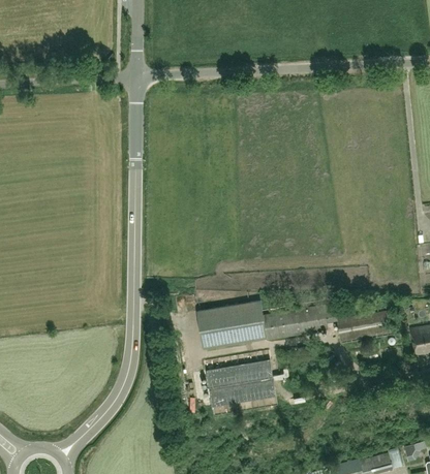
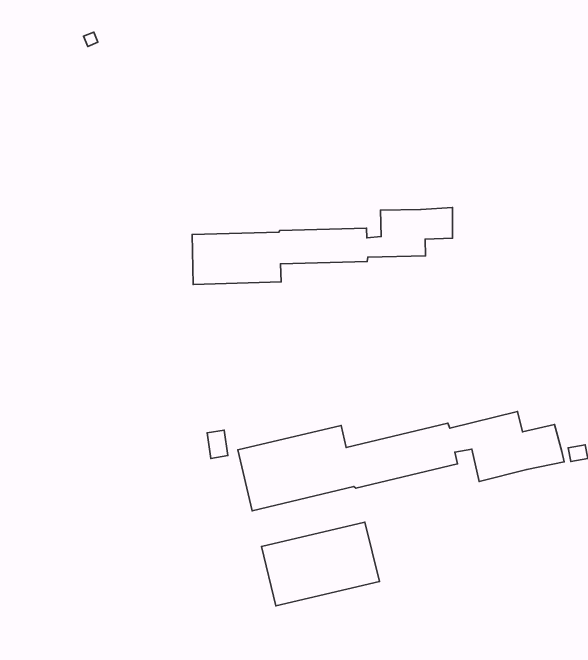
building: none -> [192,208,453,284]

